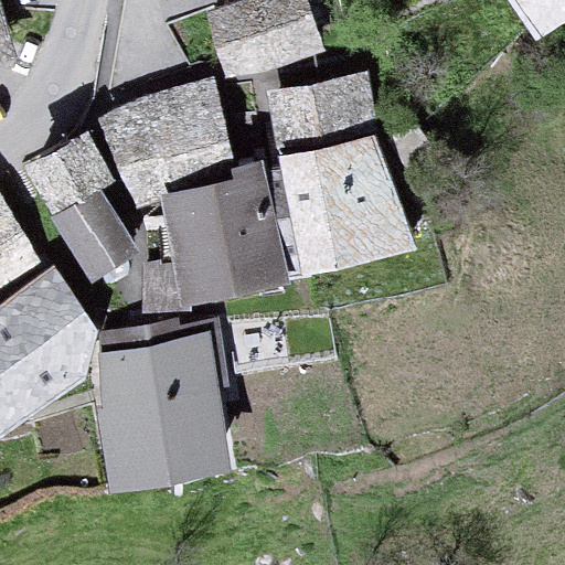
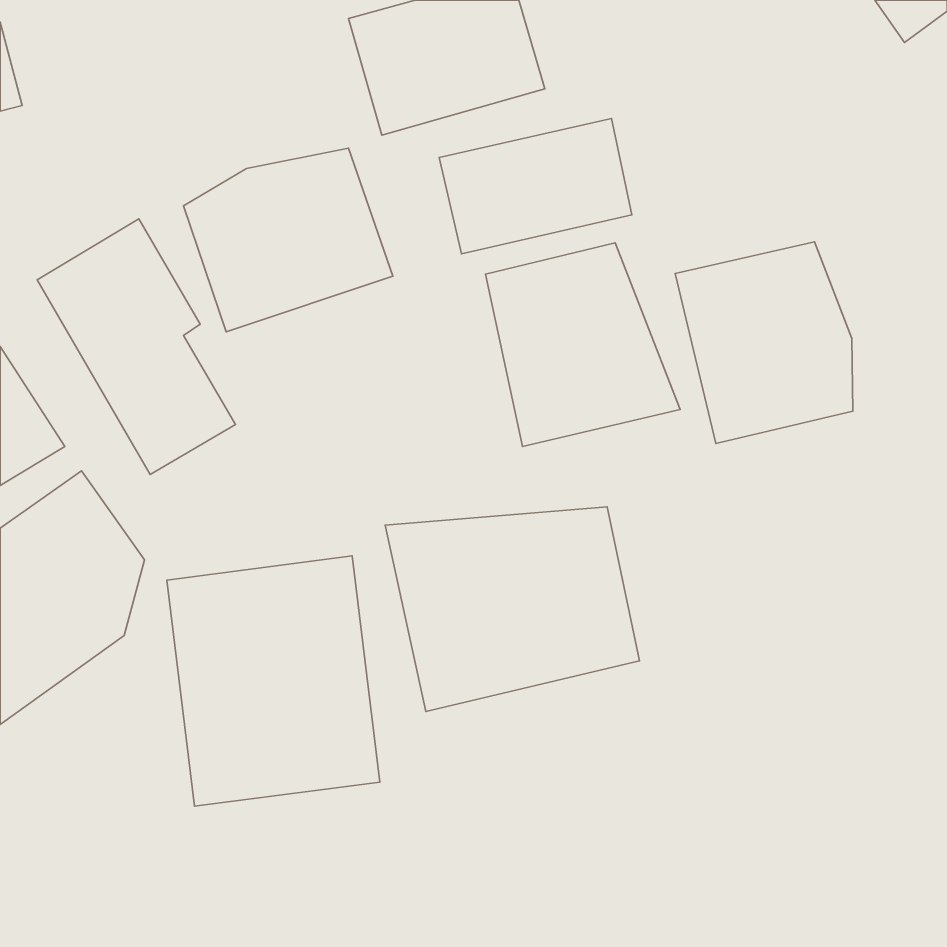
building: none -> [675,242,853,443]
building: [169,167,282,299] -> none
building: none -> [385,507,640,712]

